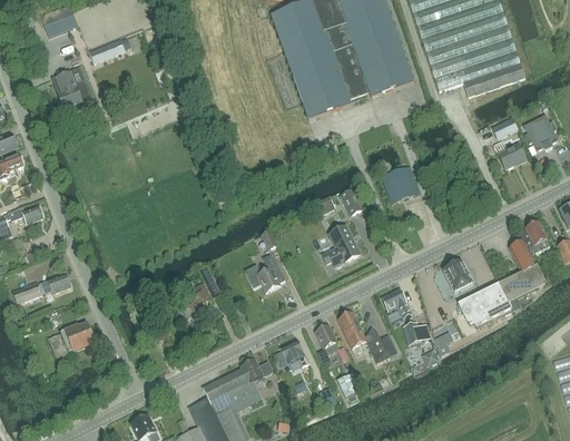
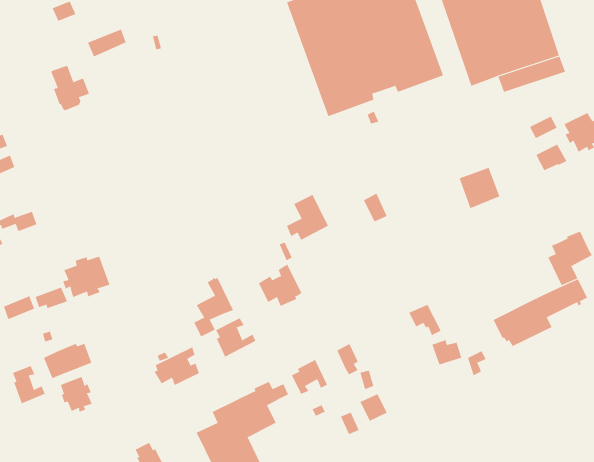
building: [381,165,419,203] -> [459,167,500,209]
building: [321,224,360,266] -> [286,194,329,241]
building: none -> [62,256,110,298]
building: [442,261,472,292] -> none
building: none -> [215,318,256,358]
building: [337,311,389,362] -> none
building: none -> [154,346,200,386]
building: none -> [12,365,45,404]
building: none -> [60,376,92,412]

